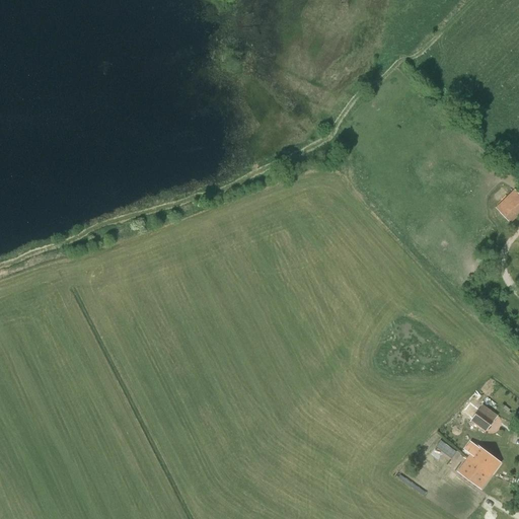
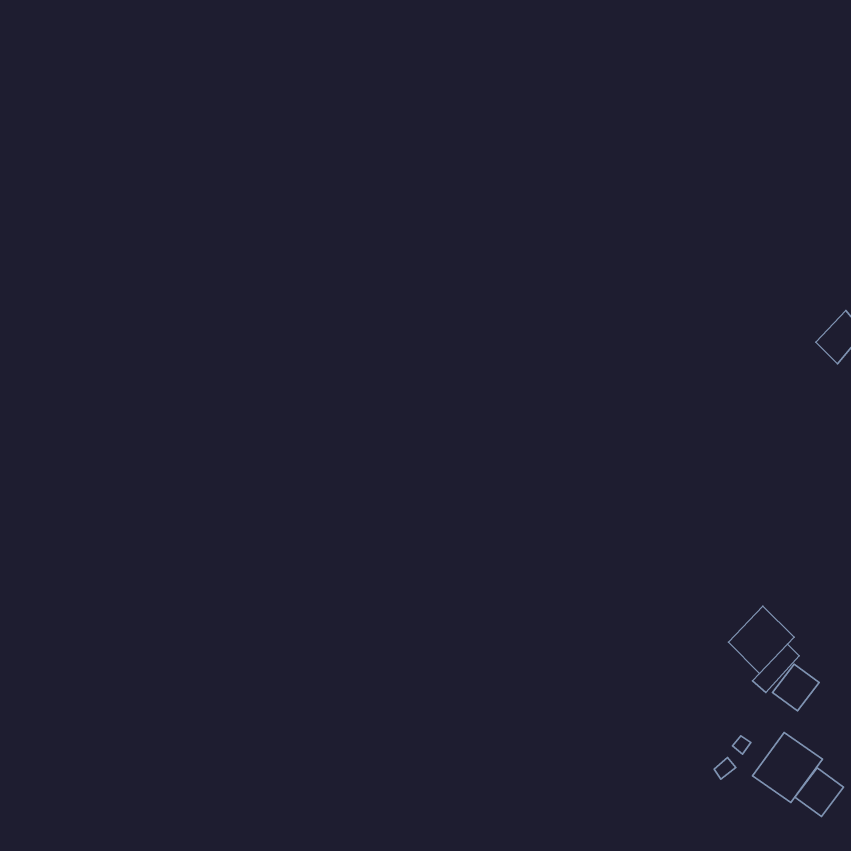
building: none -> [728,606,794,673]
building: none -> [795,768,844,817]

